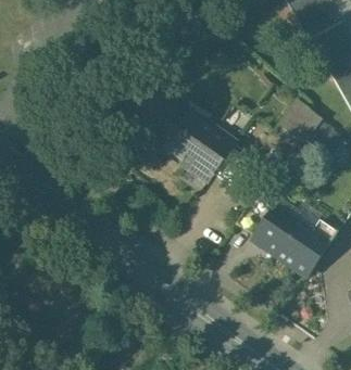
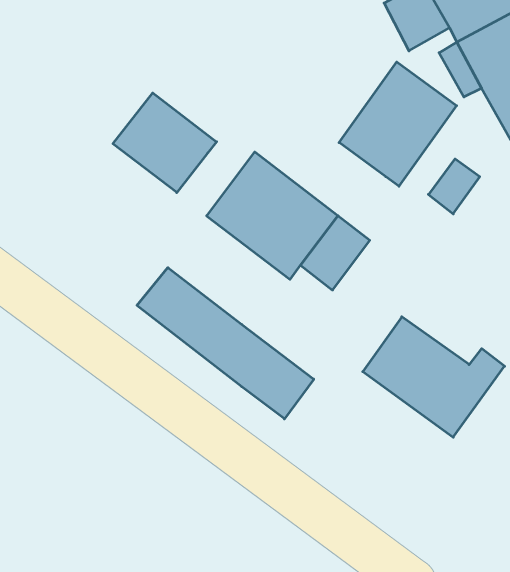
building: none -> [339,62,457,186]
building: none -> [113,93,217,193]
building: none -> [137,268,314,419]

